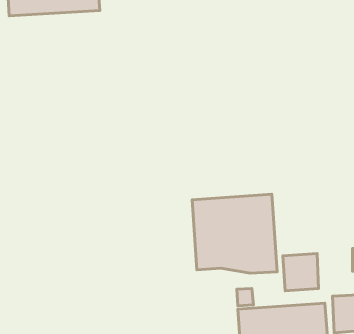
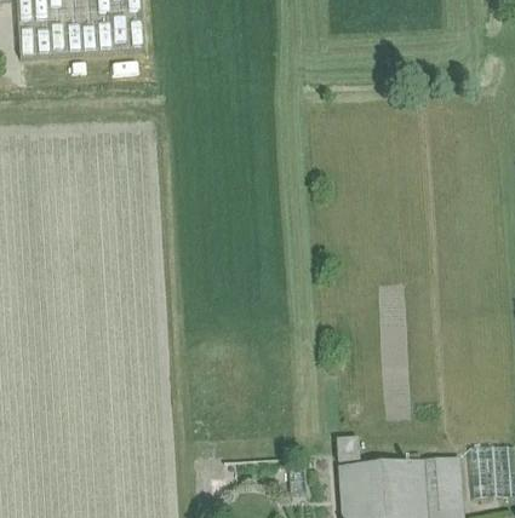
building: [192,194,277,273] -> none
building: [283,253,319,291] -> none

